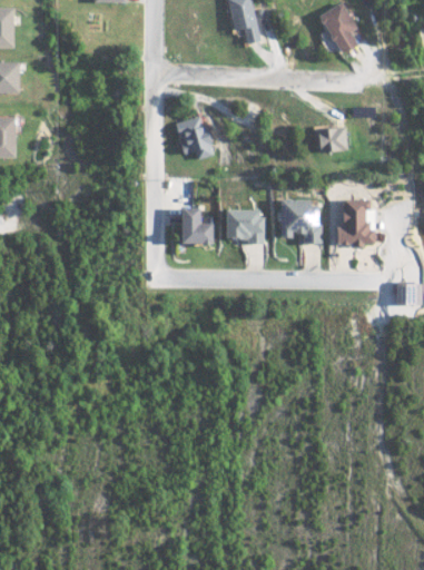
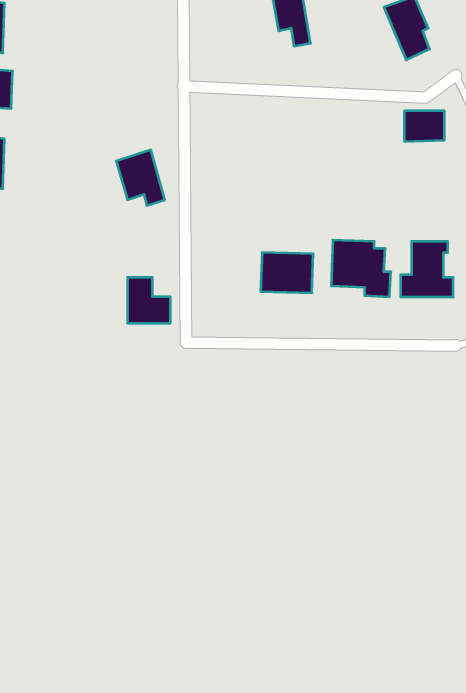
building: [175,116,214,160] -> [116,150,165,205]
building: [316,128,348,153] -> [404,111,444,141]
building: [177,207,211,244] -> [127,277,170,323]

